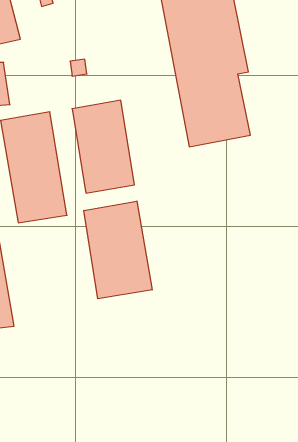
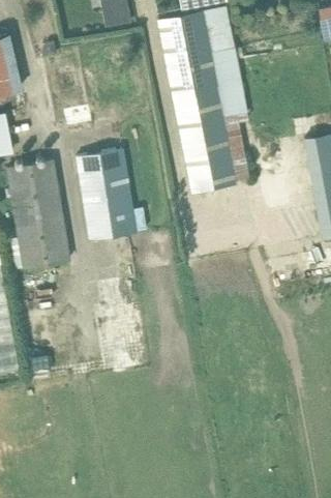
building: [84,201,152,299] -> none

